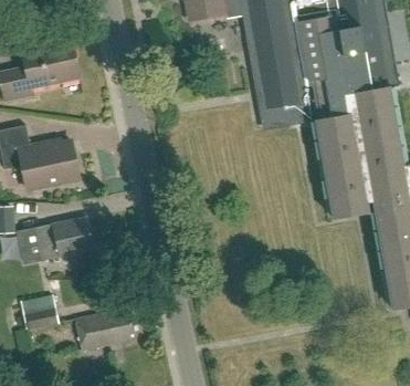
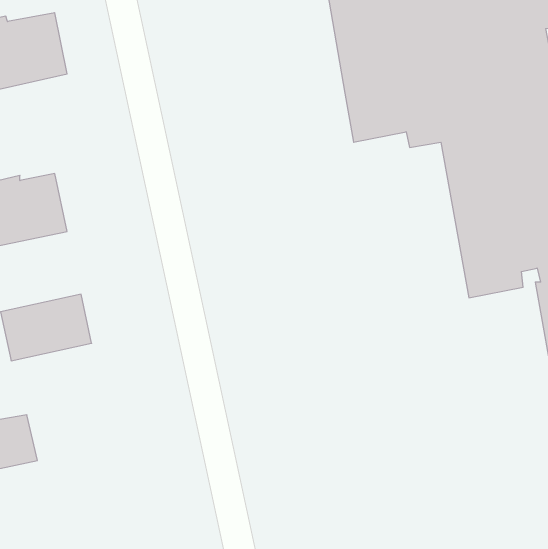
building: [75,307,135,350] -> none

